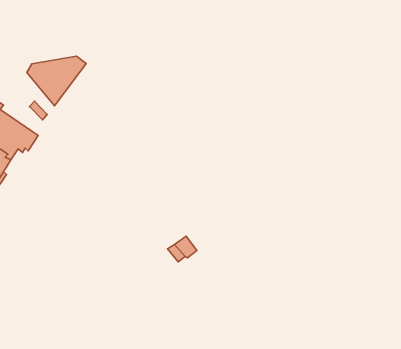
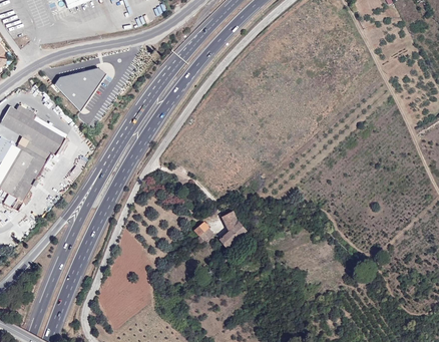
building: none -> [218,210,249,247]

